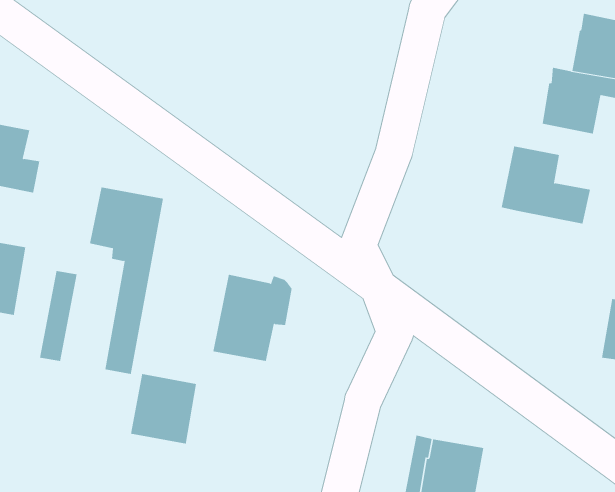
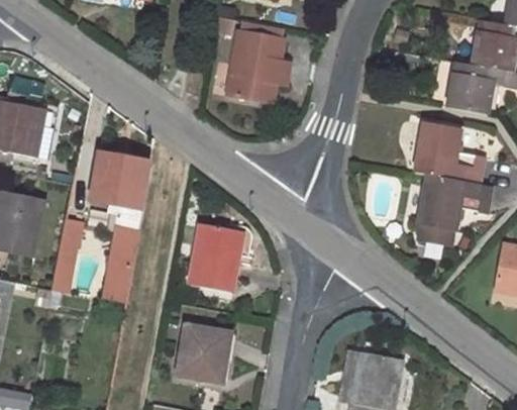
building: none -> [225,30,289,102]
building: none -> [418,173,491,244]
building: [130,374,197,444] -> [178,324,230,380]

